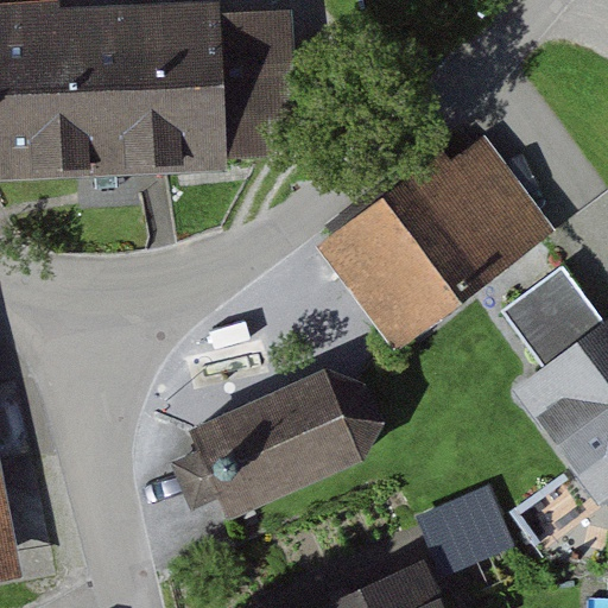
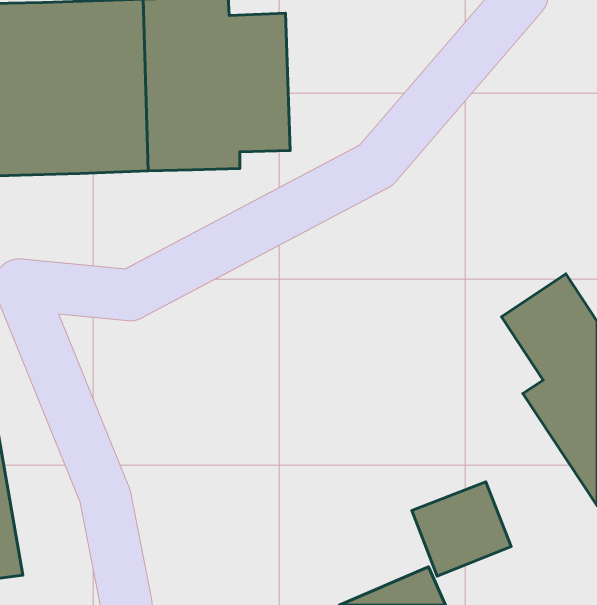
building: [327,131,547,336] -> none
building: [202,368,391,520] -> none

